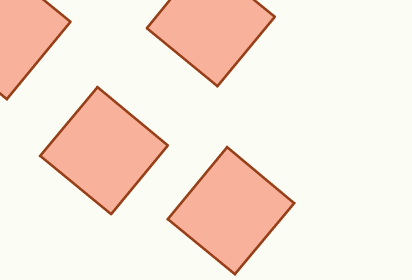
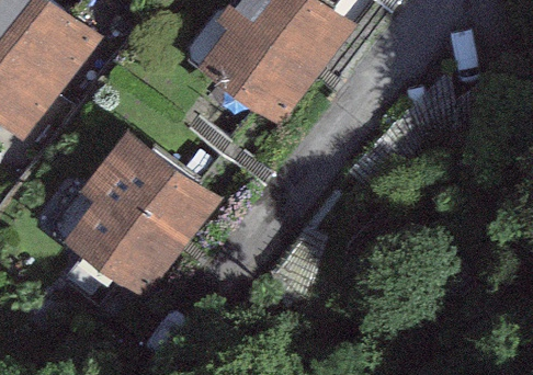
building: [168,147,294,274] -> none

